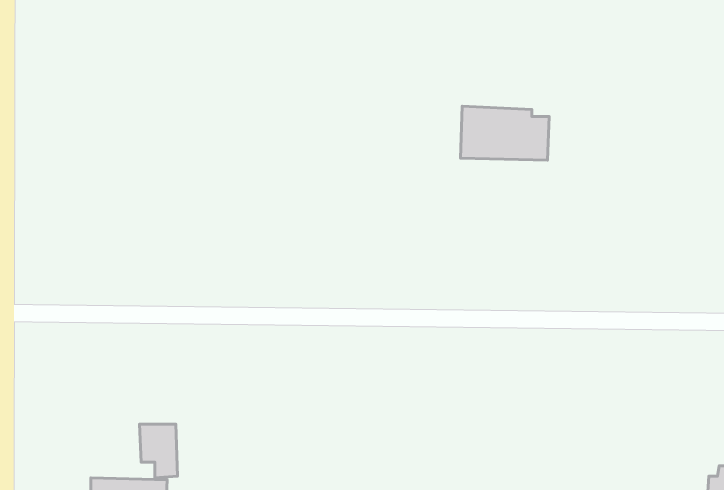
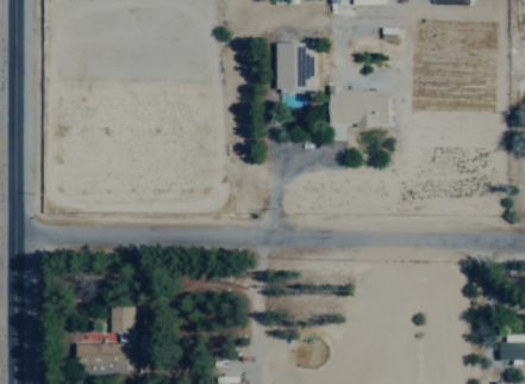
building: none -> [276,42,317,88]

